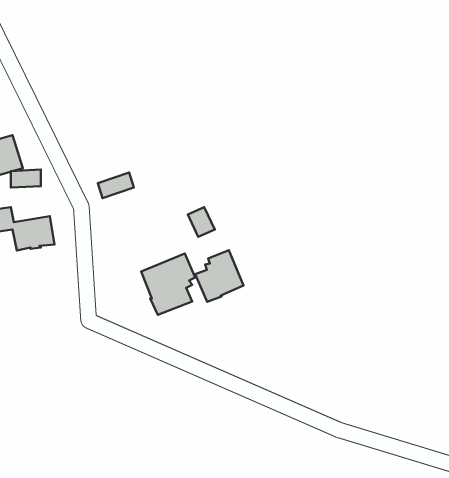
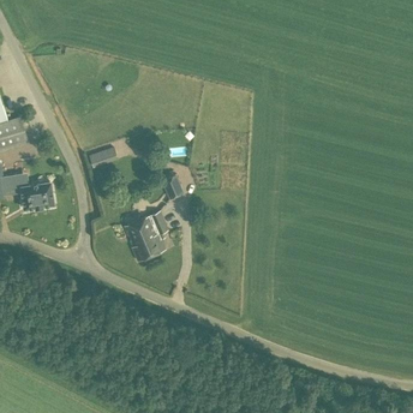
building: [195,250,244,302] -> none

